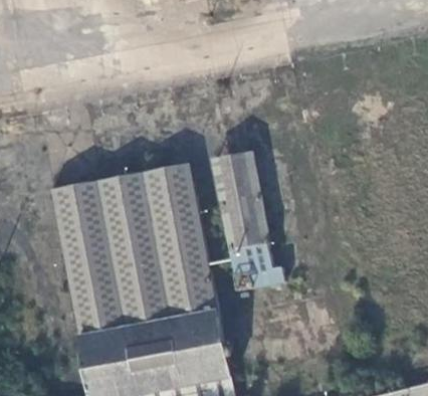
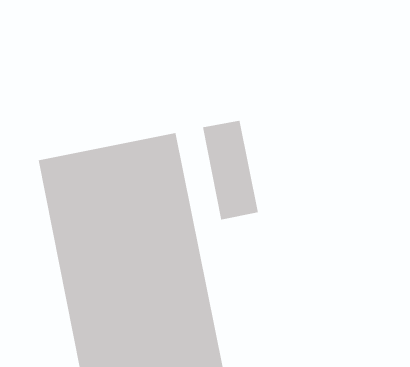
building: [230,241,283,289] -> none

